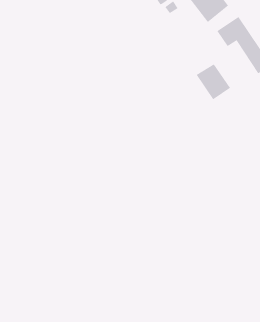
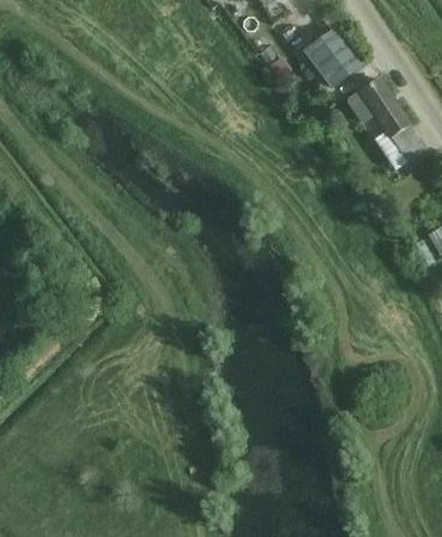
building: [196,63,231,100] -> none

